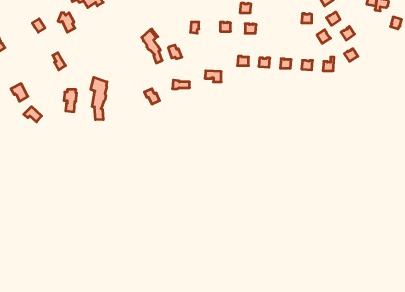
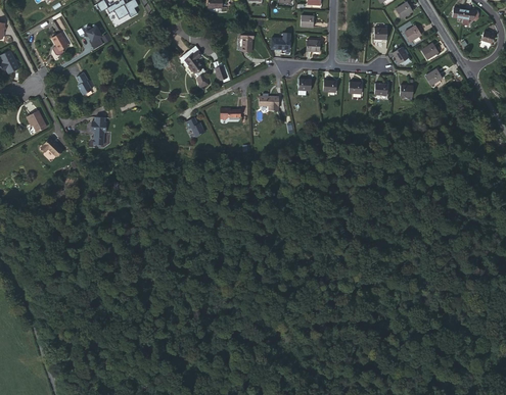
building: [91,77,107,120] -> none

